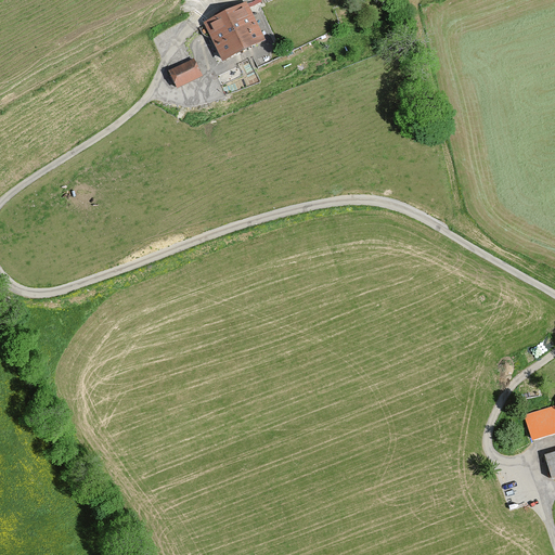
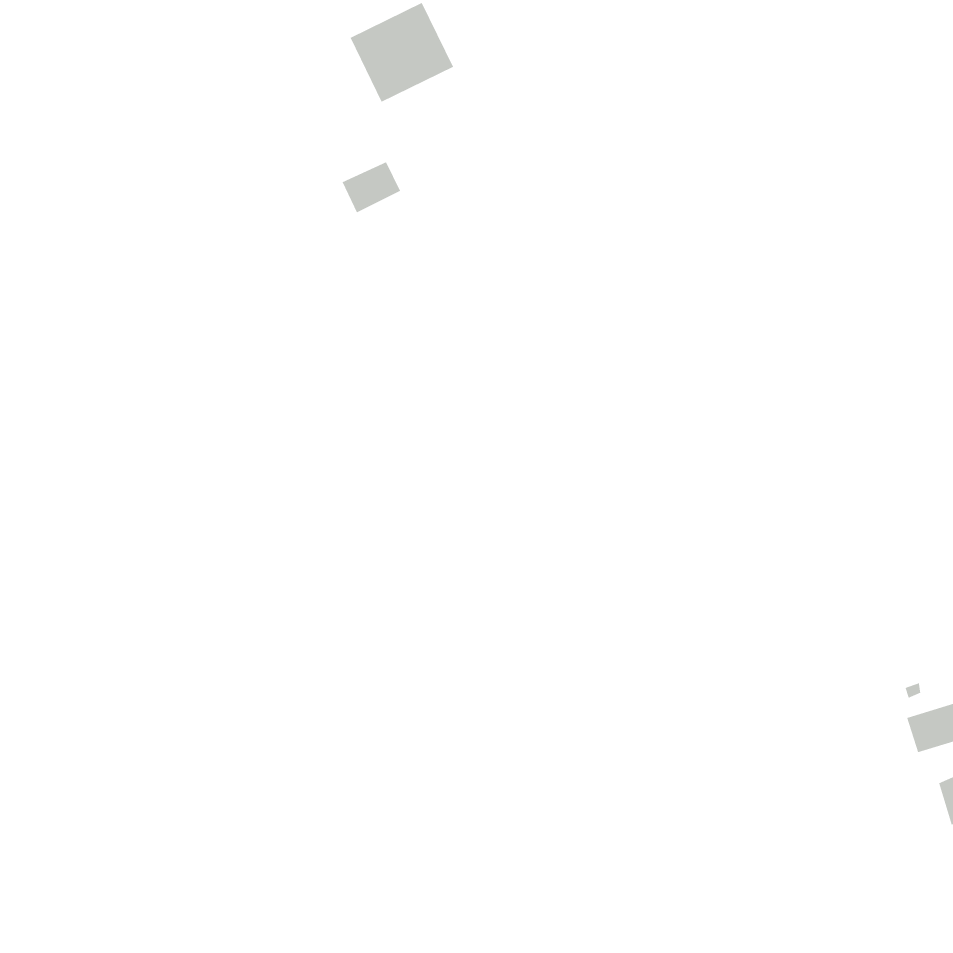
building: [168,57,203,88] -> [342,161,401,214]

